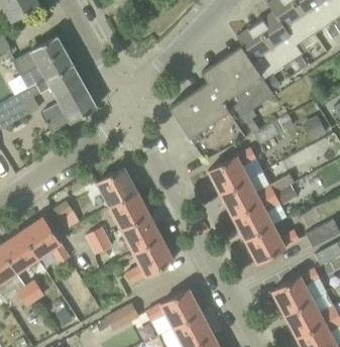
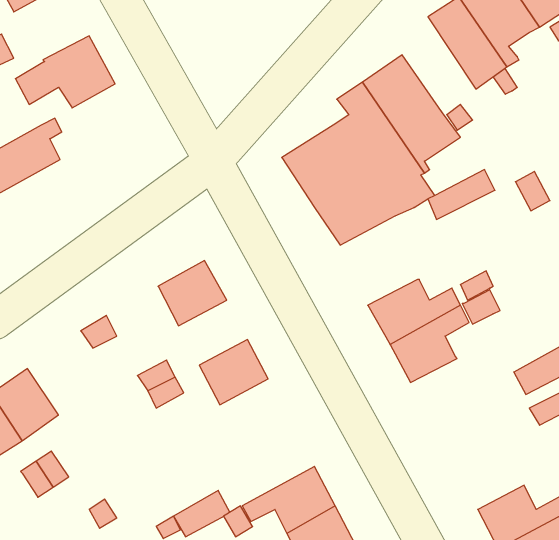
building: [236,24,282,80] -> none
building: [40,64,96,132] -> none
building: [207,147,260,194] -> none
building: [108,191,148,229] -> none
building: [19,217,69,263] -> none
building: [244,225,298,262] -> none
building: [124,237,173,283] -> none
building: [271,268,319,314] -> none

